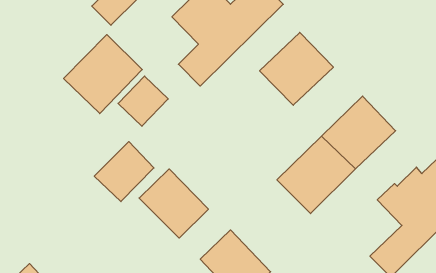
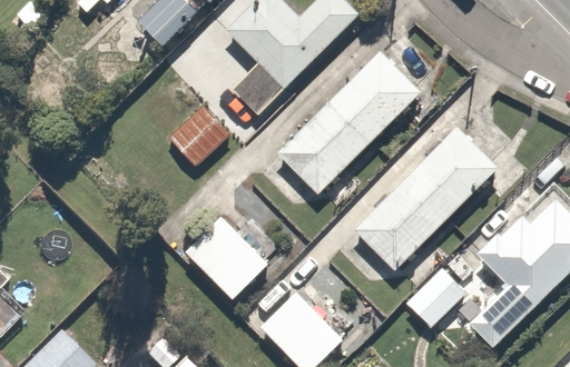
building: [64,35,142,114] -> none
building: none -> [276,96,374,195]
building: [94,142,154,202] -> none
building: none -> [396,266,456,326]

